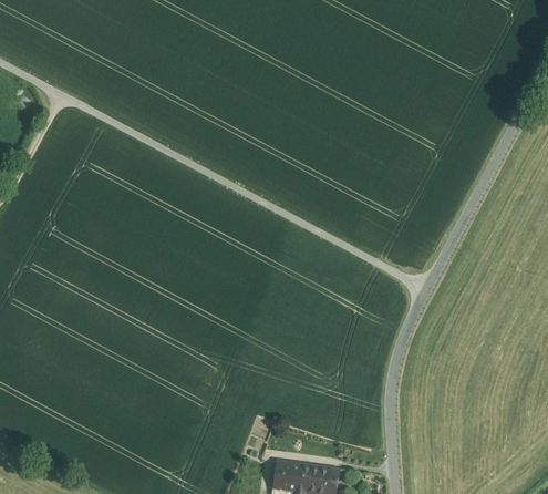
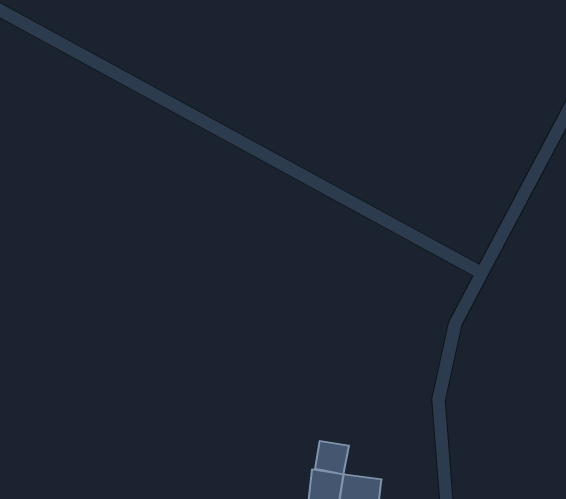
building: none -> [315,441,349,474]

